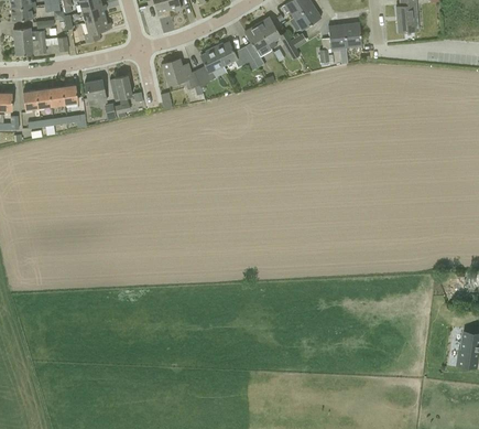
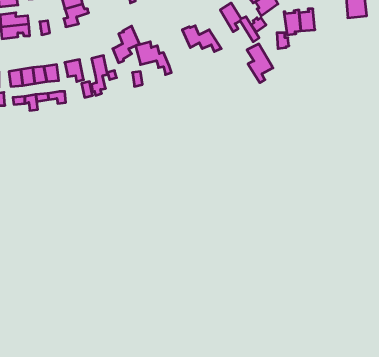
building: [243,24,272,67] -> [247,44,273,83]
building: [194,46,224,87] -> [113,26,140,63]

